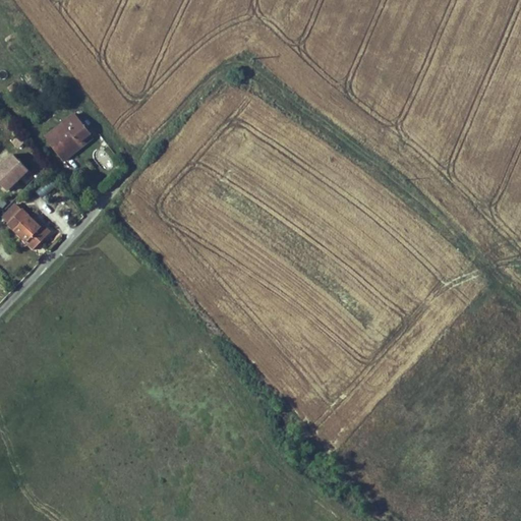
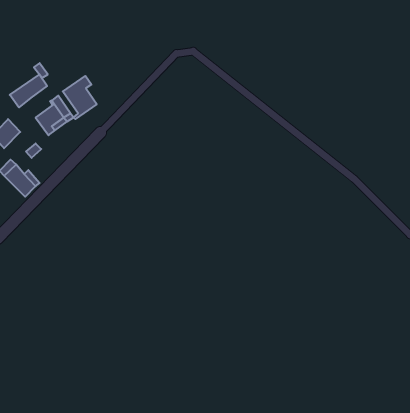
building: none -> [10,74,47,107]
building: none -> [63,76,97,119]

